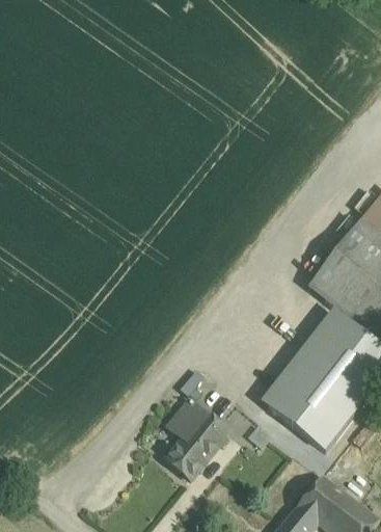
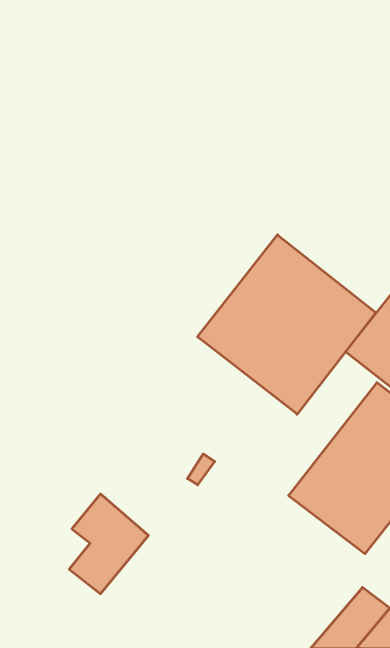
building: none -> [198,235,376,414]
building: [165,397,228,477] -> [69,494,148,594]

